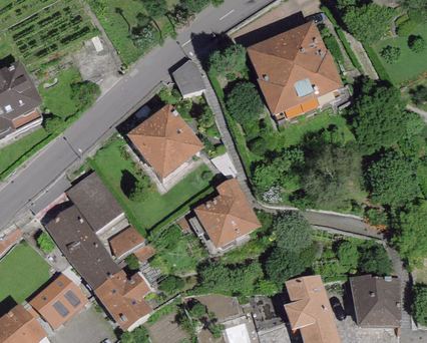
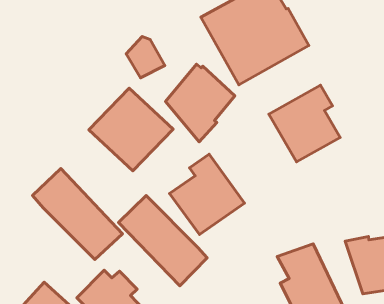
building: none -> [165,64,235,142]
building: none -> [269,85,340,162]
building: [44,204,121,292] -> [119,196,207,286]

